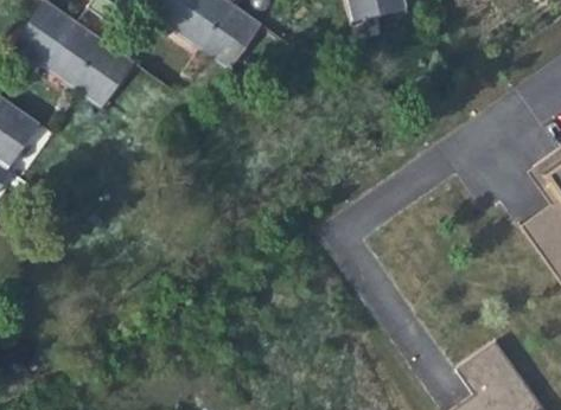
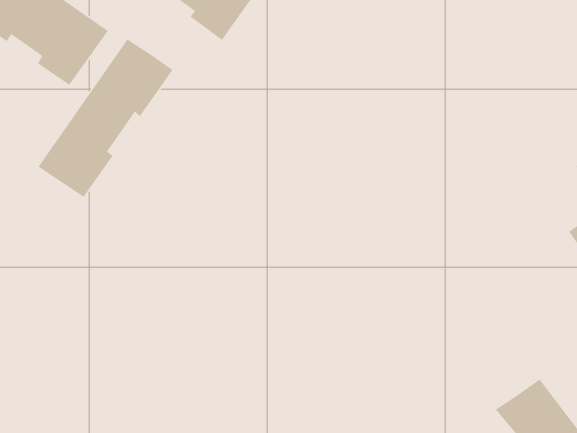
building: none -> [37,38,174,198]

